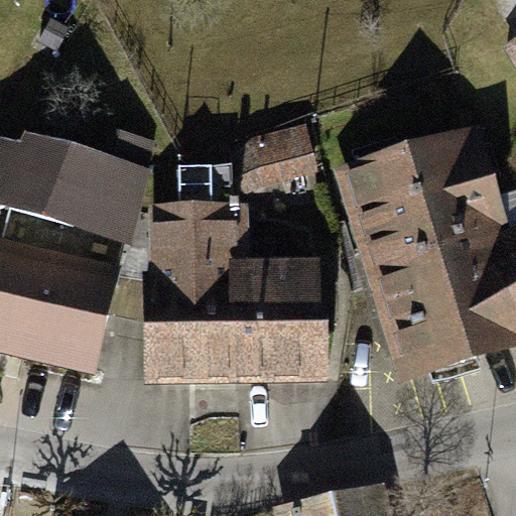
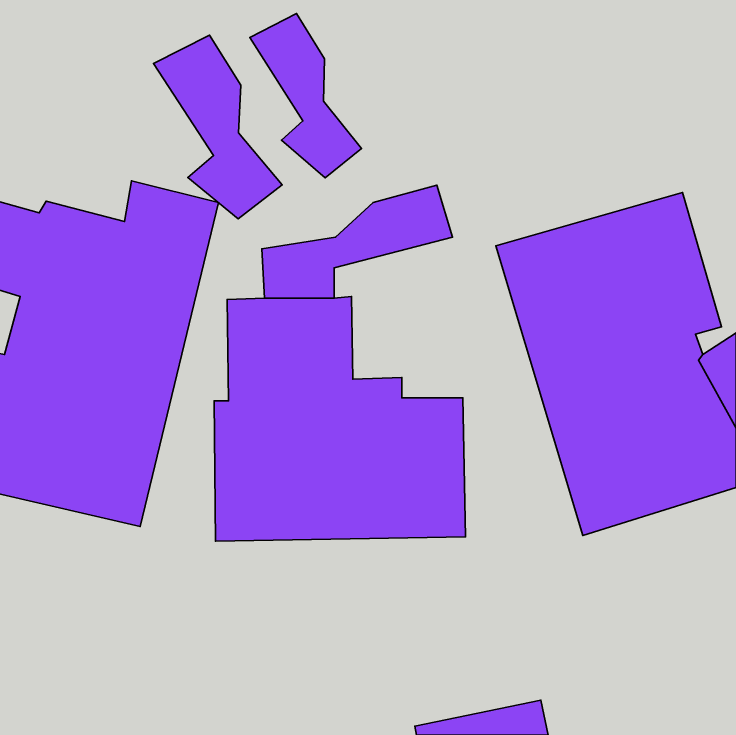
building: none -> [250,13,362,178]
building: none -> [154,35,282,219]

